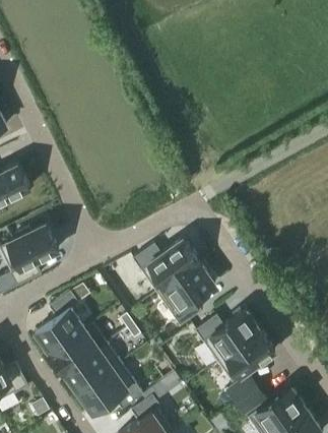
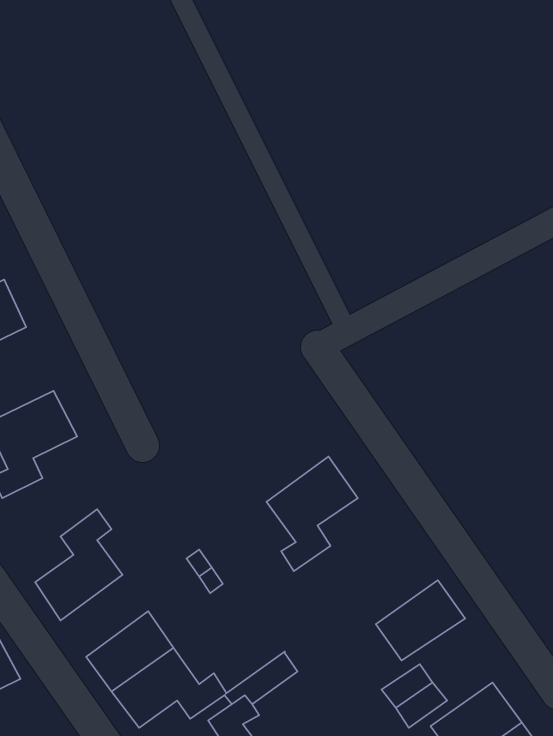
building: [132,240,198,288] -> none
building: [194,310,259,356] -> none
building: [49,328,97,374] -> none

